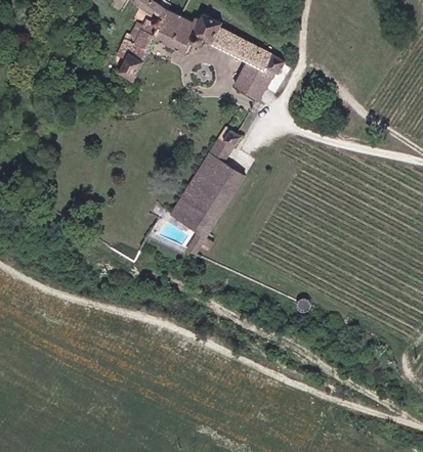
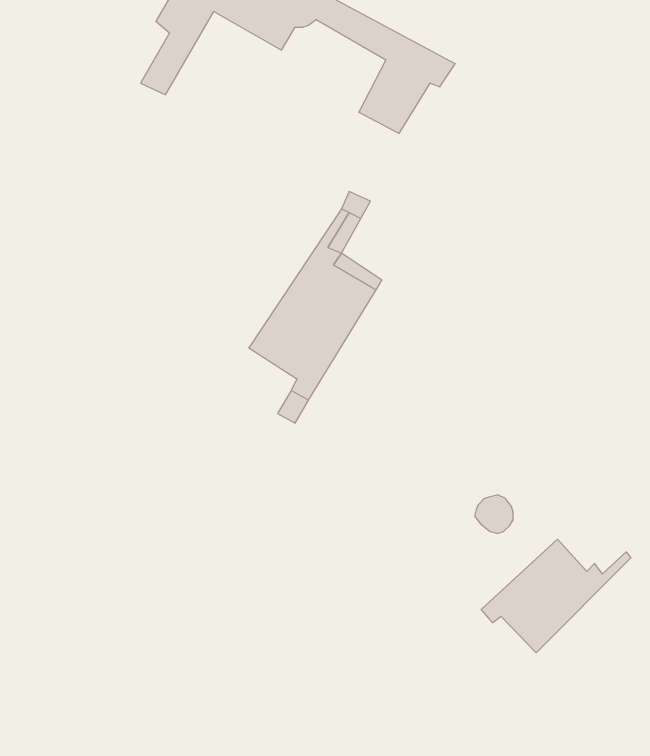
building: none -> [481,539,631,653]

